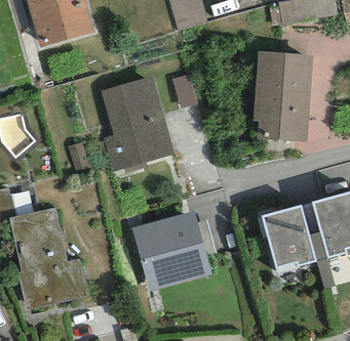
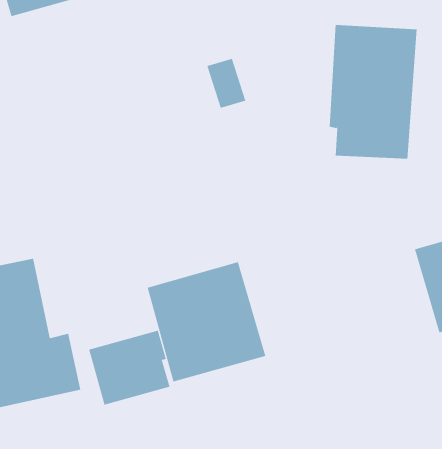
building: [101,77,174,173] -> none
building: [262,205,317,267] -> none
building: none -> [88,330,170,405]

